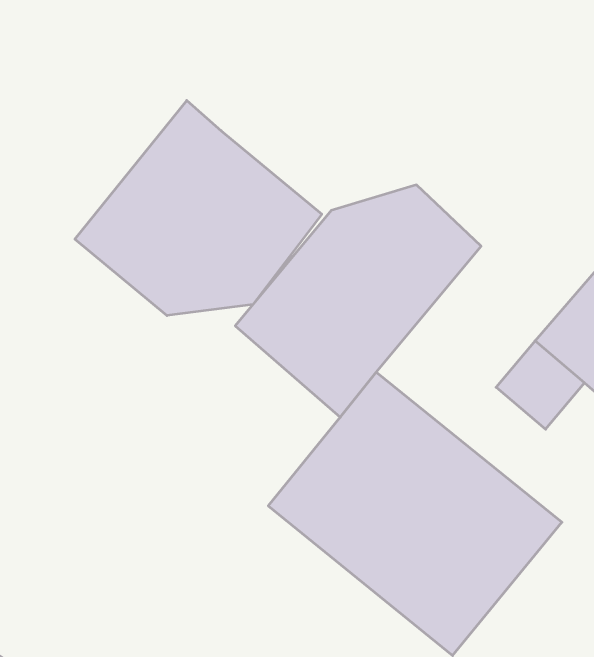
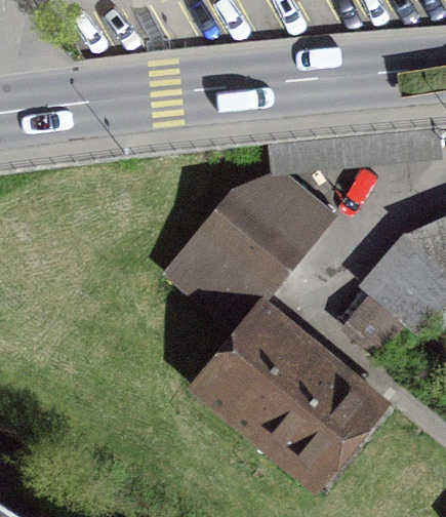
building: [75,100,322,316] -> none

